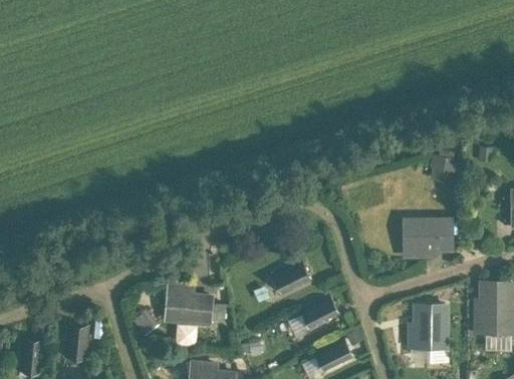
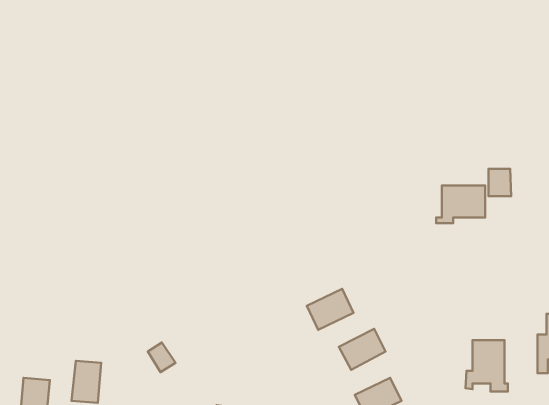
building: [407,221,450,254] -> [436,186,485,223]
building: [166,287,211,324] -> none

